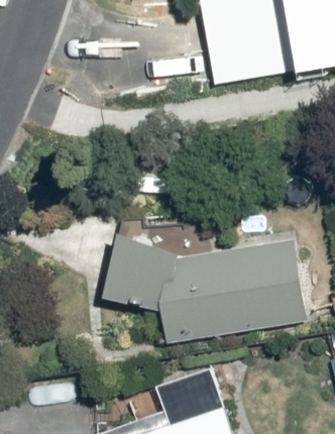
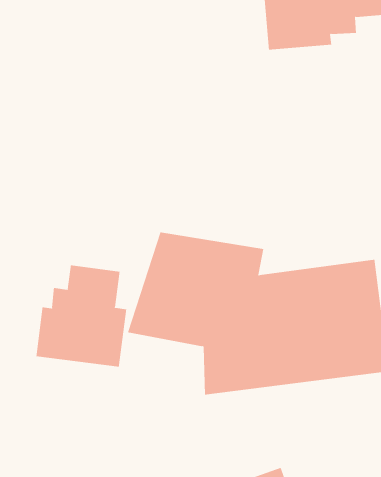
building: none -> [36,264,127,368]

